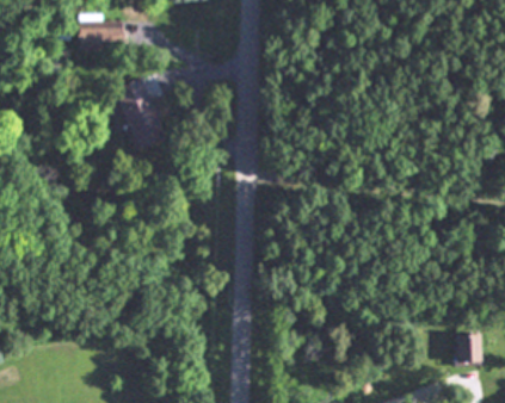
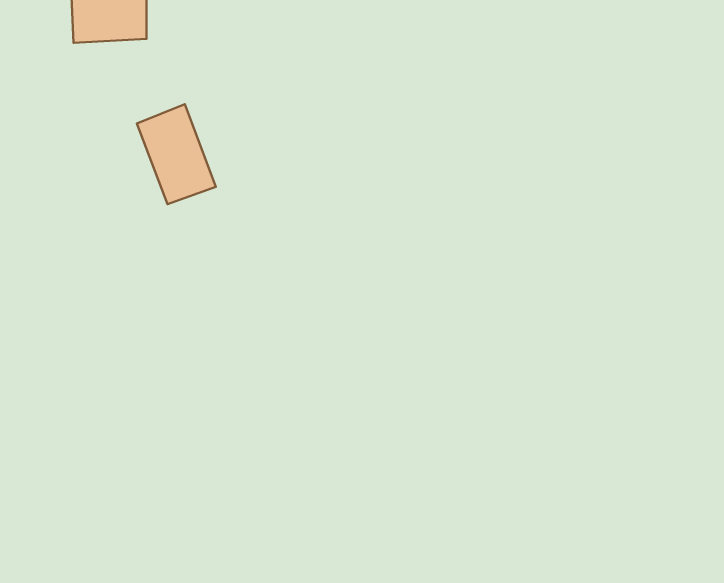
building: [460,334,479,362] -> none

